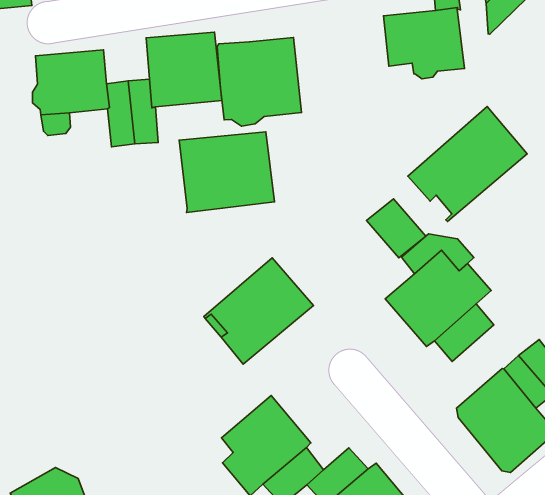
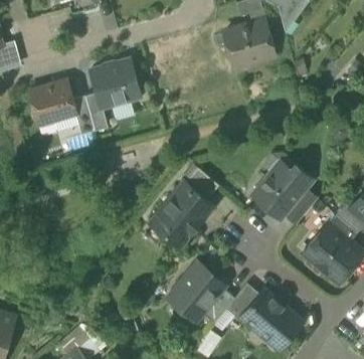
building: [217,37,301,126] -> none
building: [408,107,527,222] -> none
building: [179,132,274,213] -> none
building: [367,199,426,258] -> [184,168,219,201]

